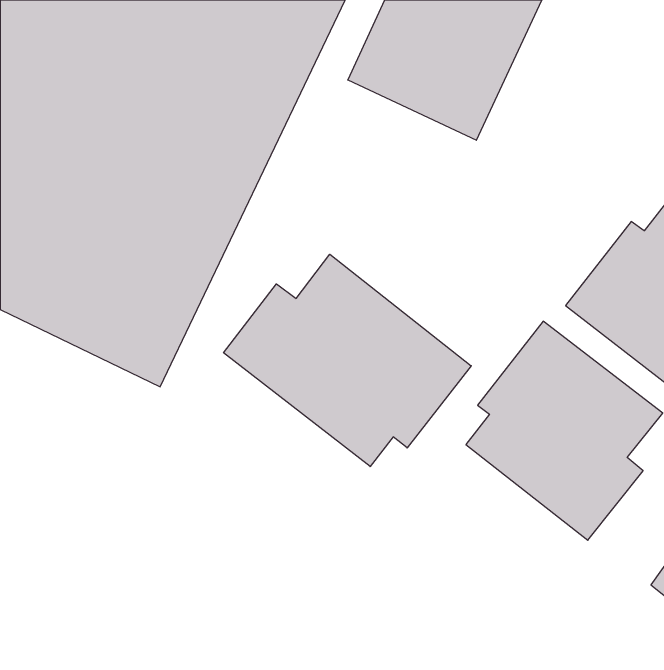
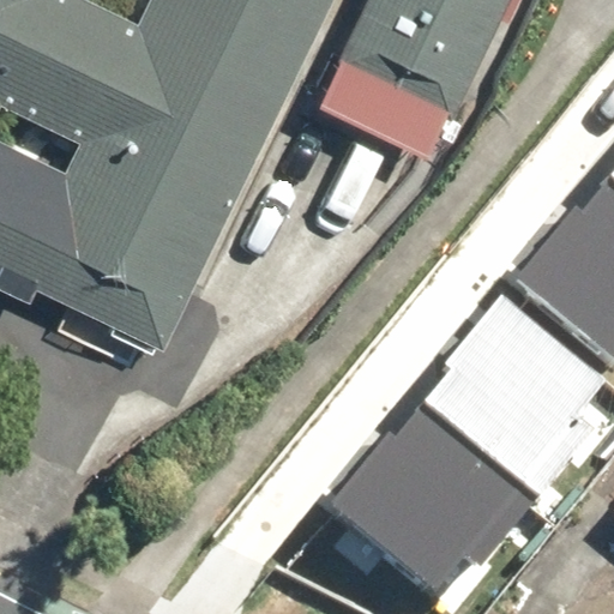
building: [224,254,471,467] -> none
building: none -> [331,414,537,595]

